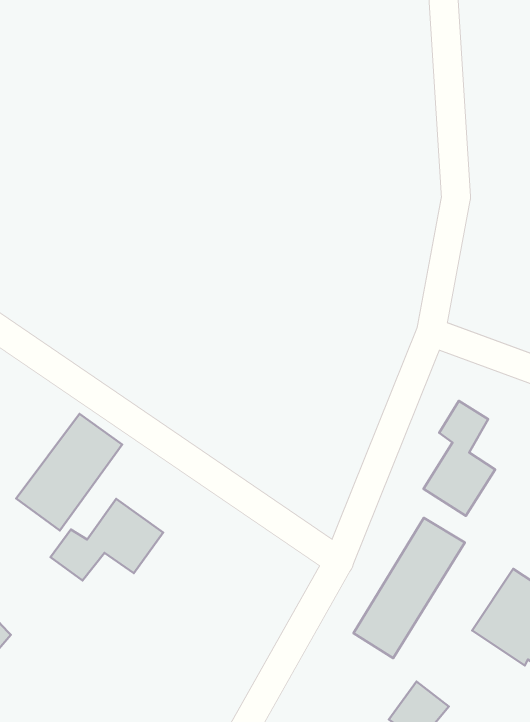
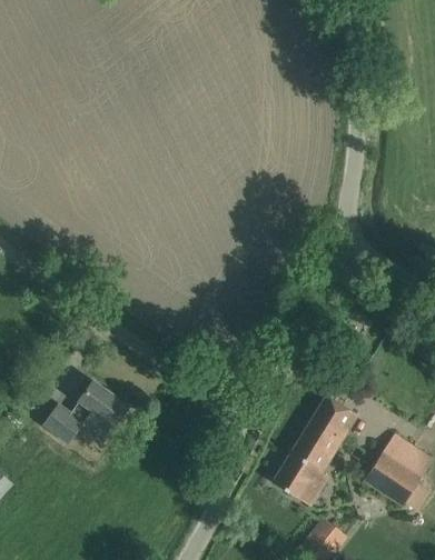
building: [423,401,495,516] -> none
building: [16,414,122,530] -> none

